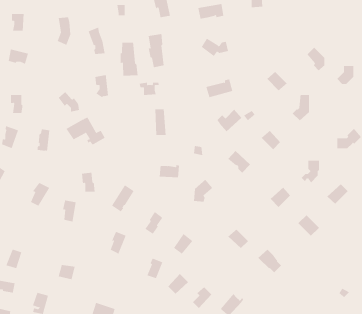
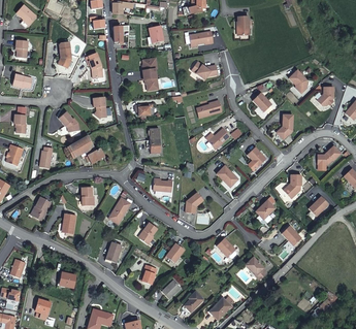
building: [120,42,138,77] -> none

